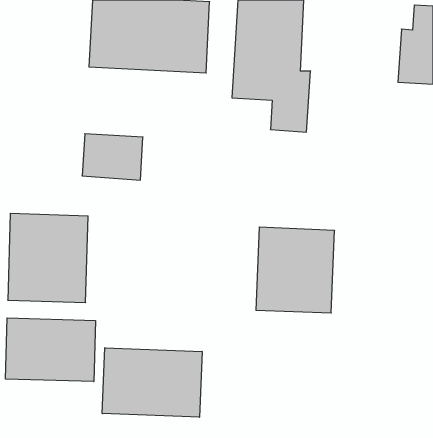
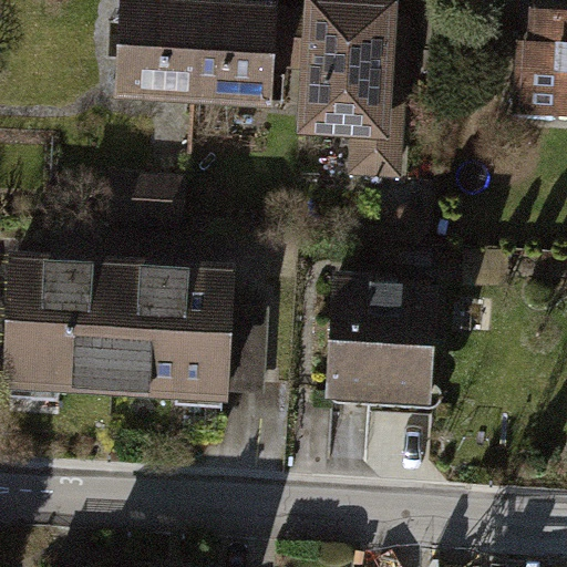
building: none -> [111,279,267,395]
building: [6,318,95,382] -> none
building: [102,348,202,417] -> none

